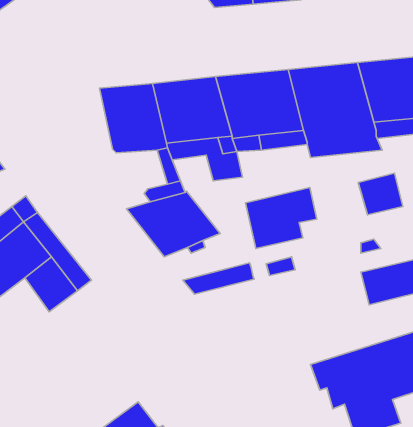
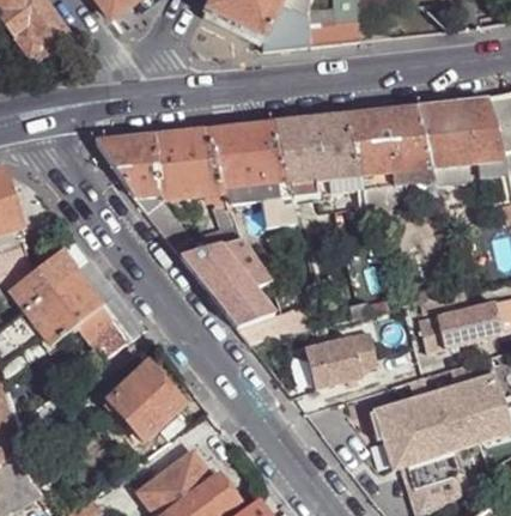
building: none -> [93,130,188,245]
building: [358,173,403,215] -> none
building: [245,188,317,248] -> [304,330,377,393]
building: none -> [107,364,178,439]

